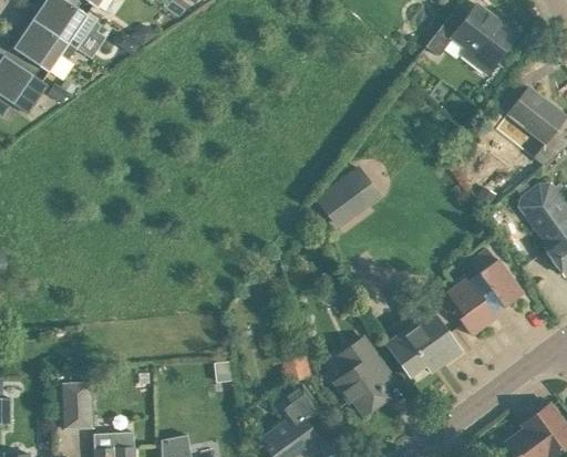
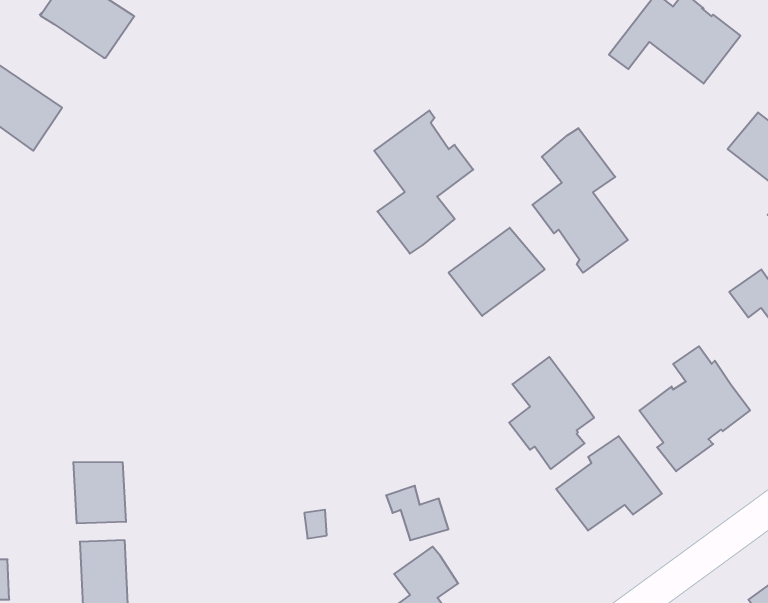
building: [13,21,76,73] -> none
building: none -> [374,110,473,254]
building: none -> [532,128,628,273]
building: none -> [74,462,126,523]
building: [336,337,394,415] -> [509,357,594,469]

